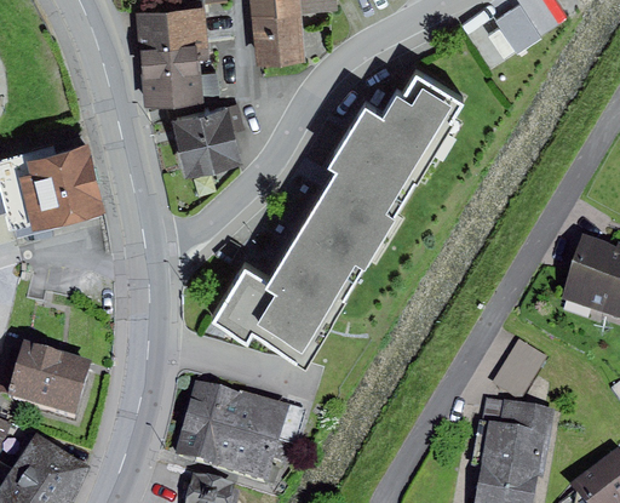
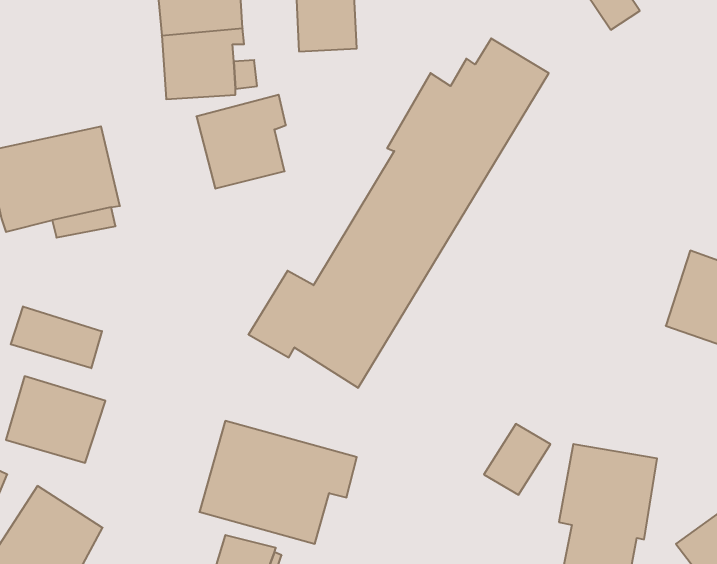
building: none -> [11,306,102,368]
building: [492,339,547,399] -> [484,424,550,495]

